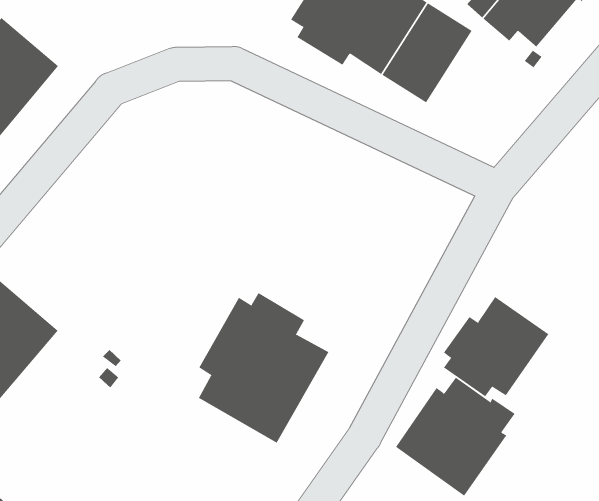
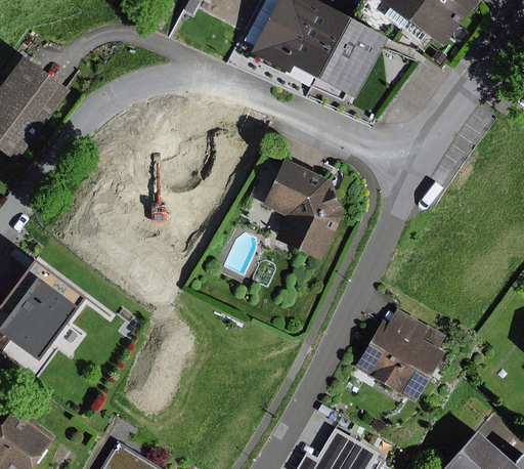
building: none -> [266,160,344,259]
building: [198,292,329,443] -> none
building: [443,296,549,397] -> none

